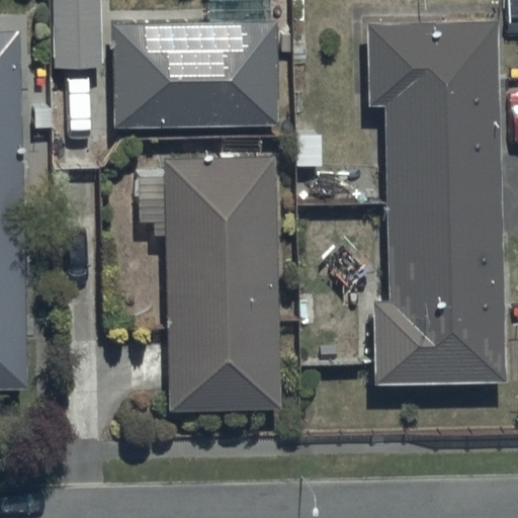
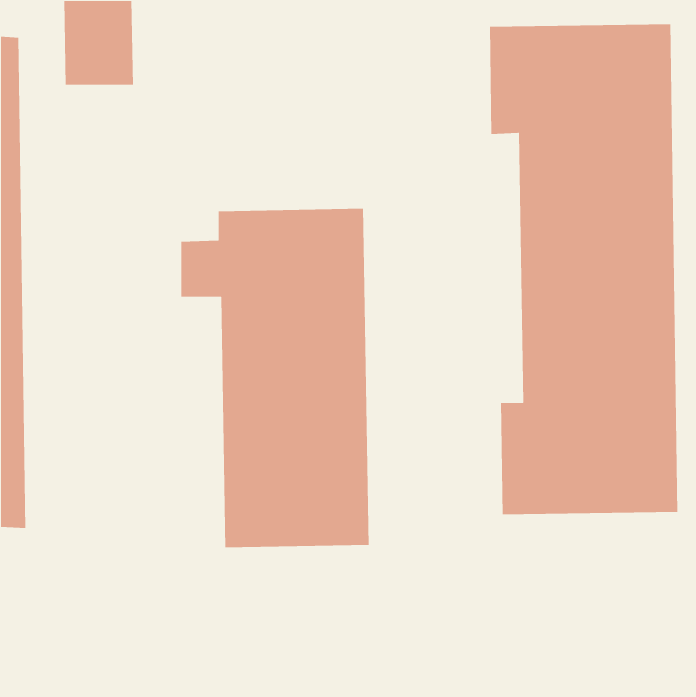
building: [114,23,276,125] -> none

